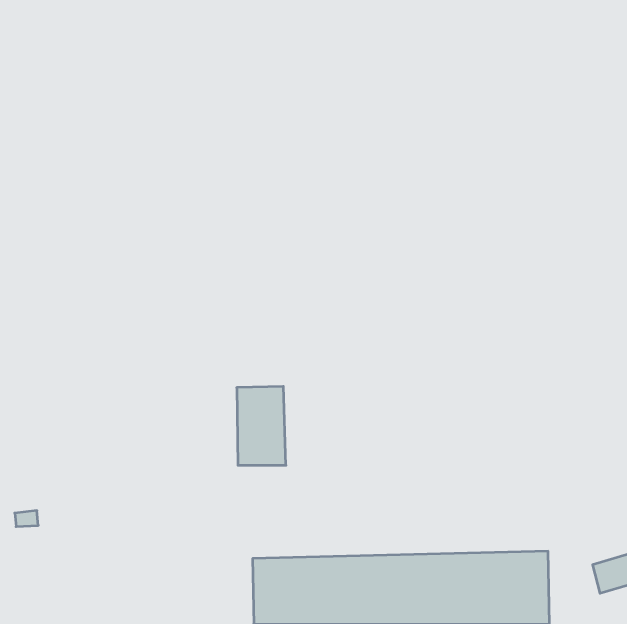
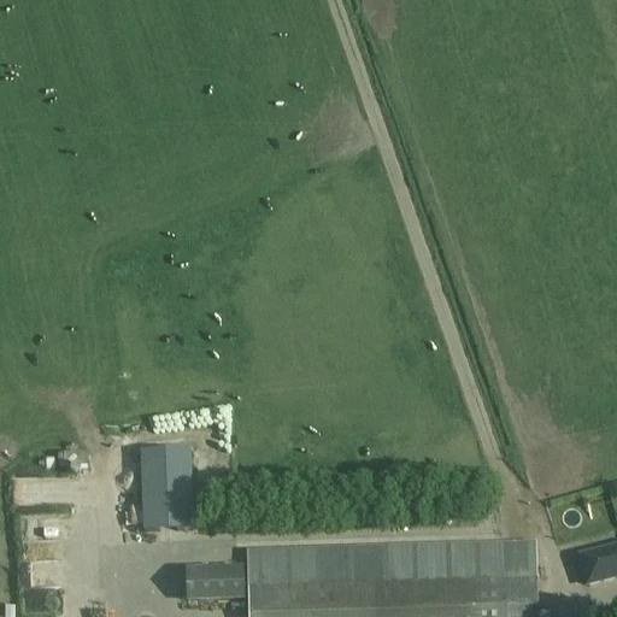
building: [237,386,286,465] -> [141,446,189,523]
building: none -> [188,564,246,600]

